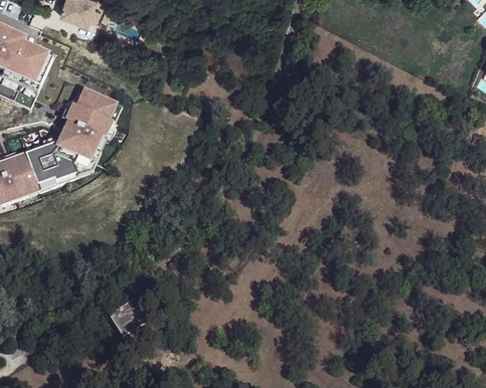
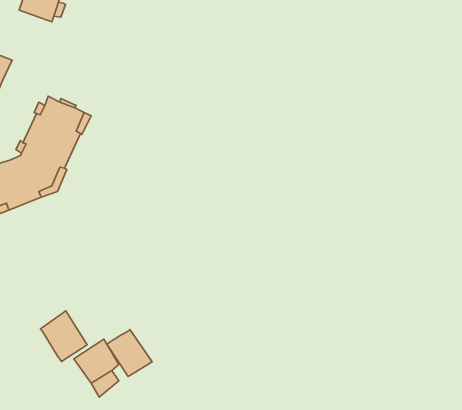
building: none -> [41,311,87,362]
building: none -> [107,330,152,377]

